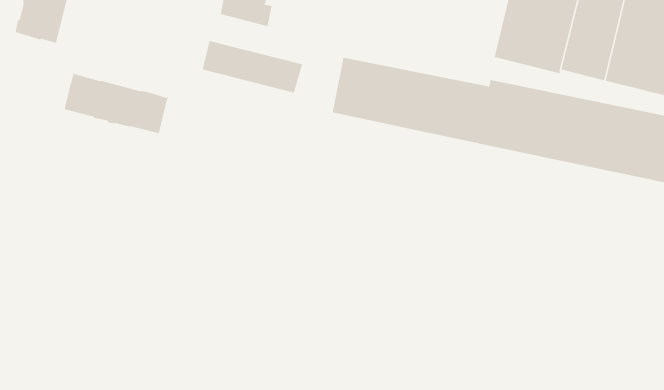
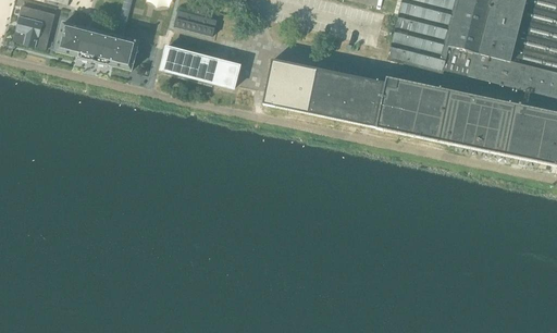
building: [64,73,169,133] -> [57,21,139,69]

